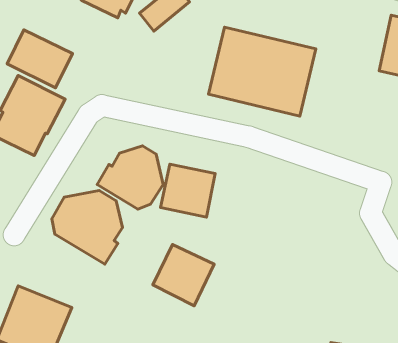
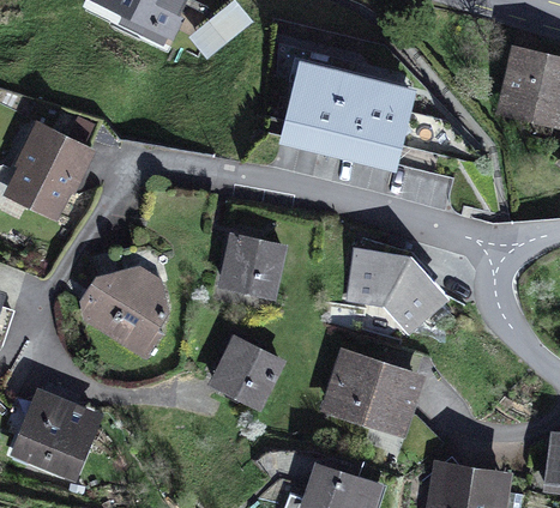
building: [7,30,73,88] -> none
building: [97,146,163,209] -> none
building: none -> [345,247,448,335]
building: none -> [319,346,426,440]

